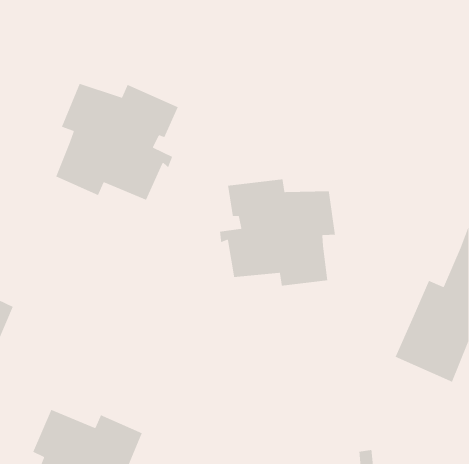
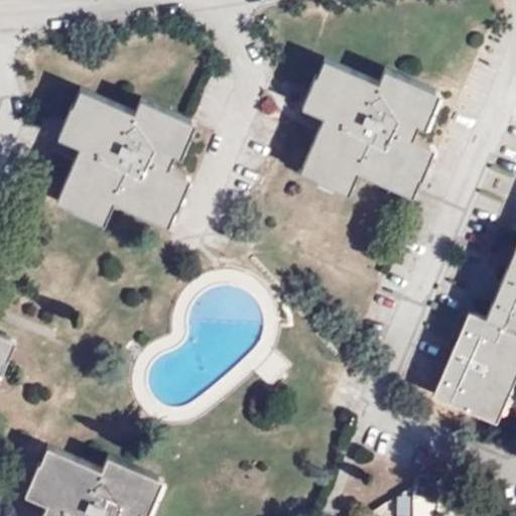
building: none -> [300,60,439,198]
building: [219,179,336,287] -> none

